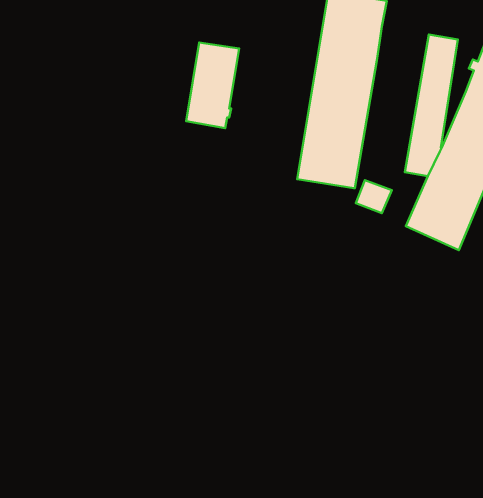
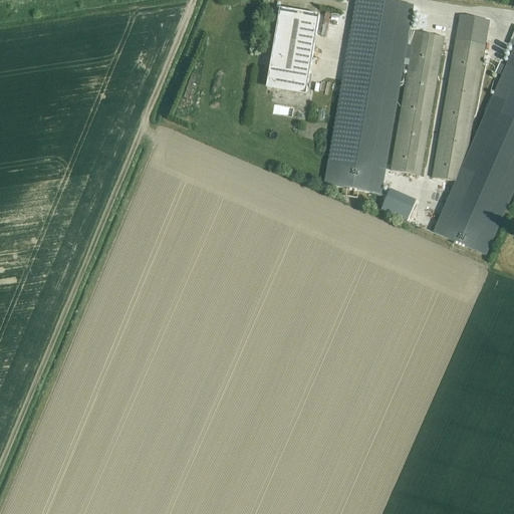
building: none -> [456,14,489,42]
building: none -> [390,29,443,174]
building: [186,43,239,128] -> [266,7,319,93]

